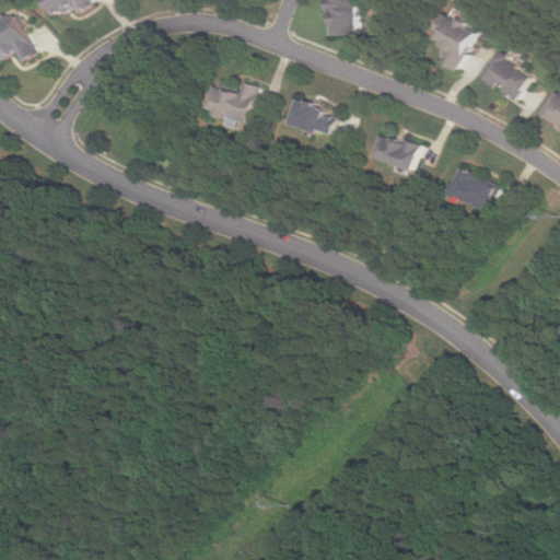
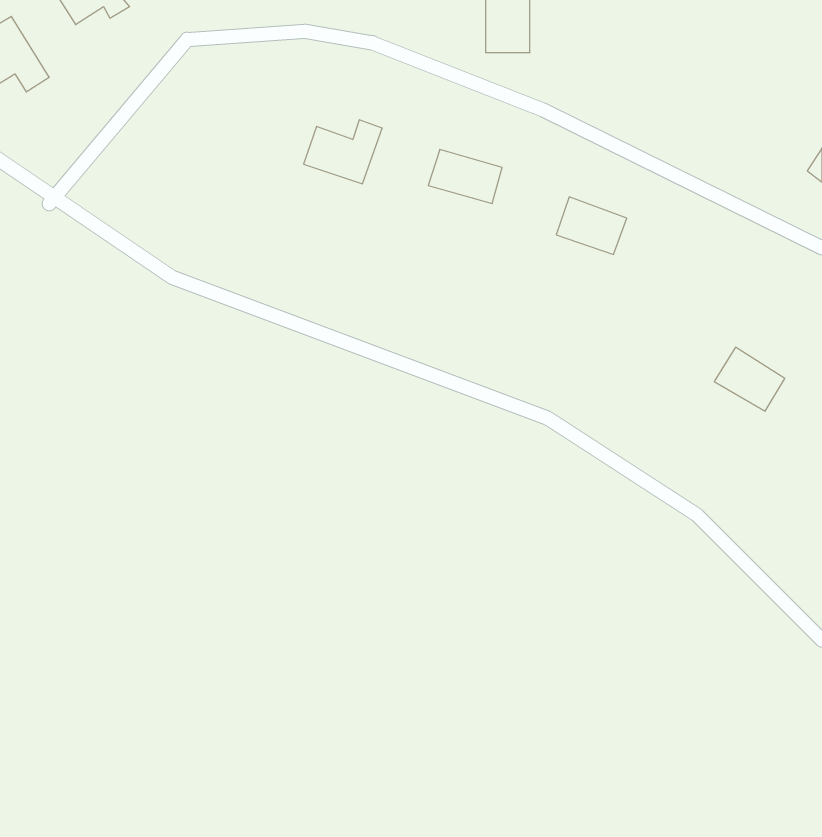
building: [427,11,475,71] -> none
building: [480,51,529,98] -> none
building: [446,167,493,210] -> [714,347,785,411]

